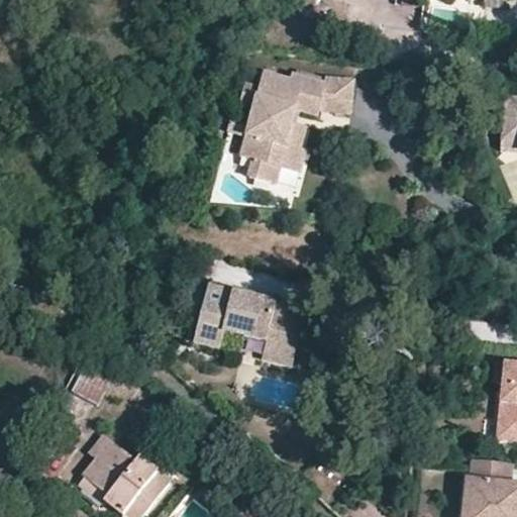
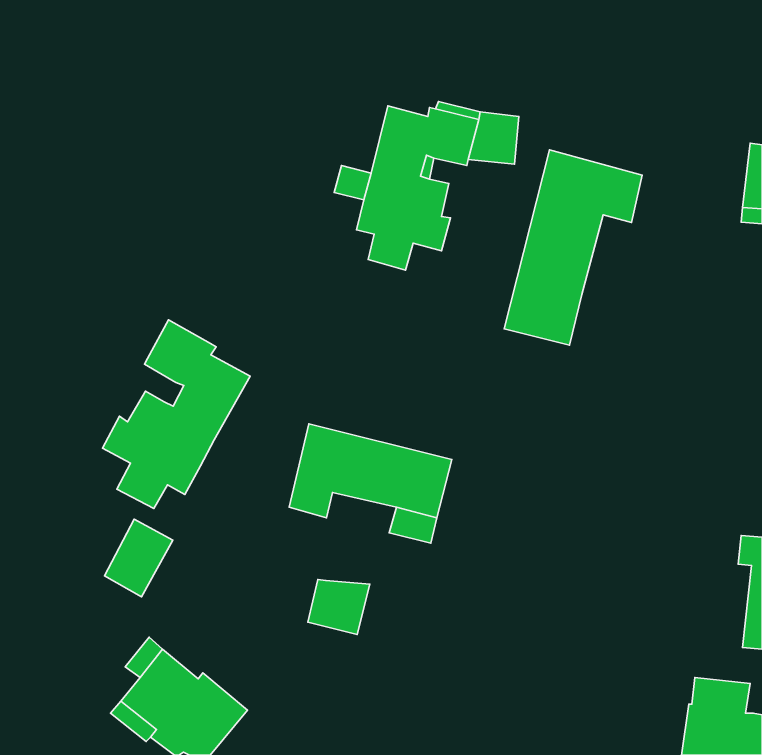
building: none -> [504,150,642,345]
building: none -> [103,320,250,509]
building: none -> [308,579,370,634]

